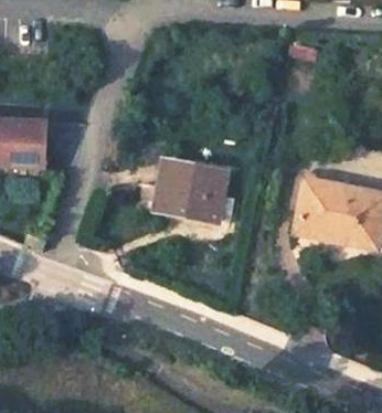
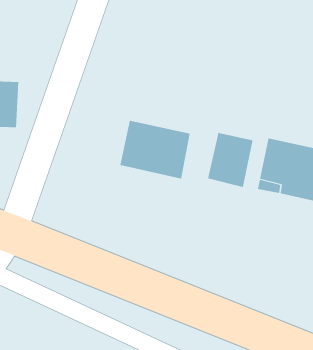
building: none -> [208,132,253,188]

